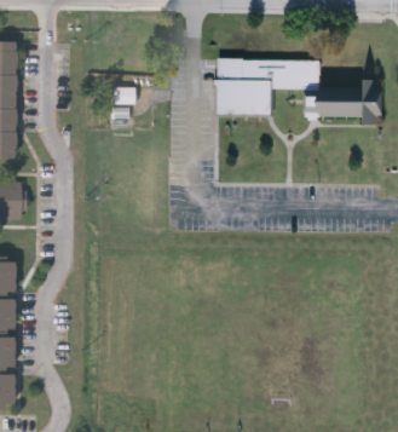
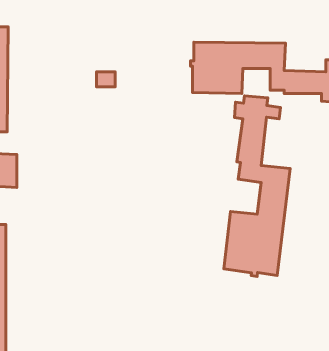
building: none -> [224,96,290,276]

